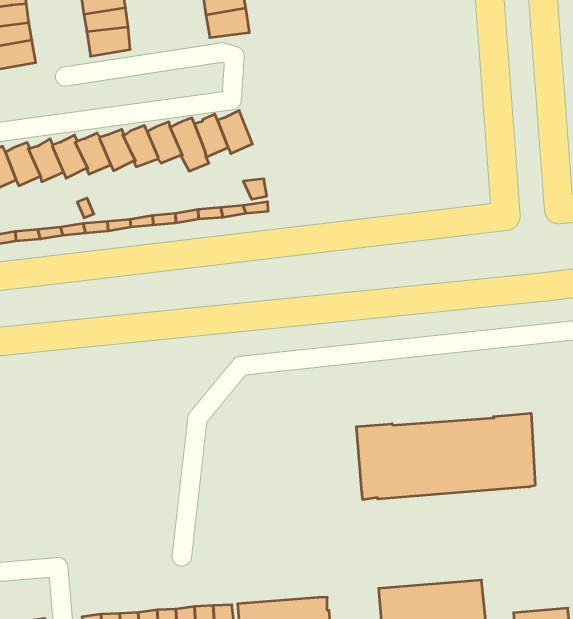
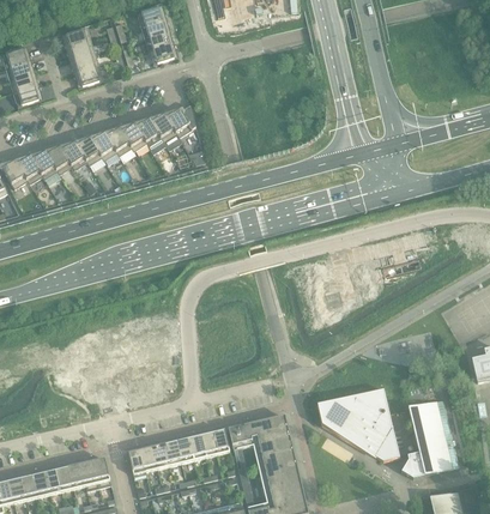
building: [356,413,535,500] -> none

